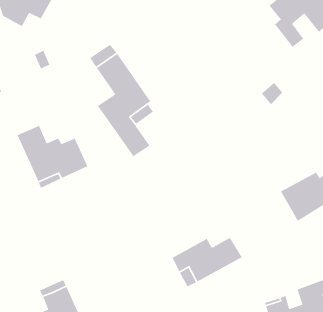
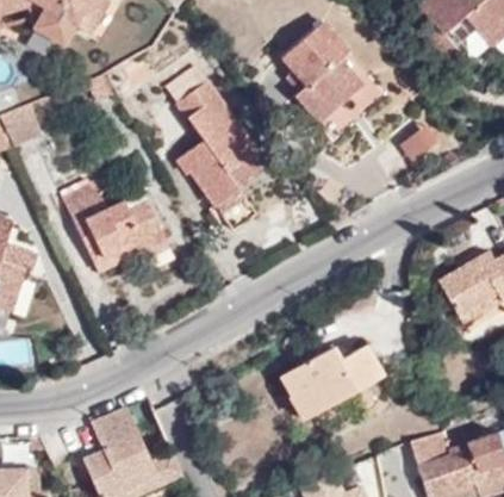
building: none -> [274,19,367,133]

